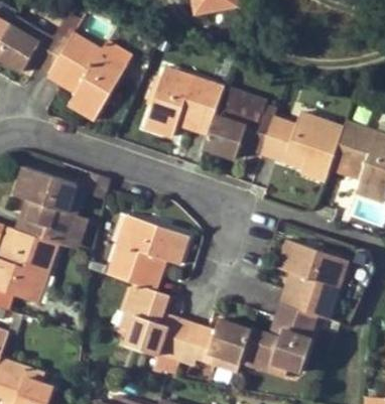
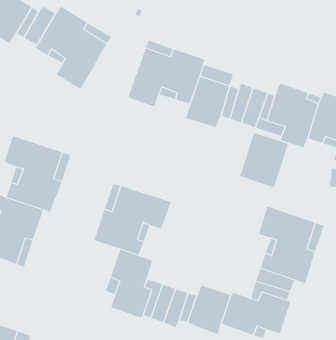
building: none -> [239,132,288,188]

